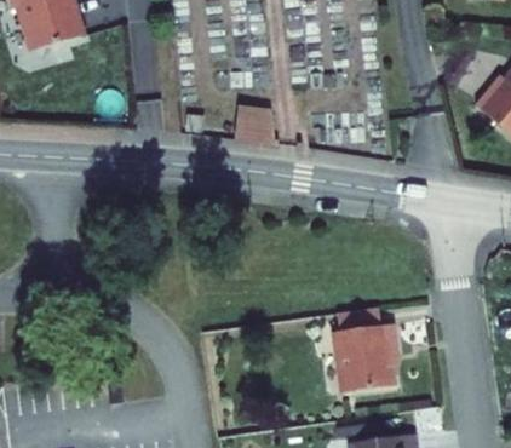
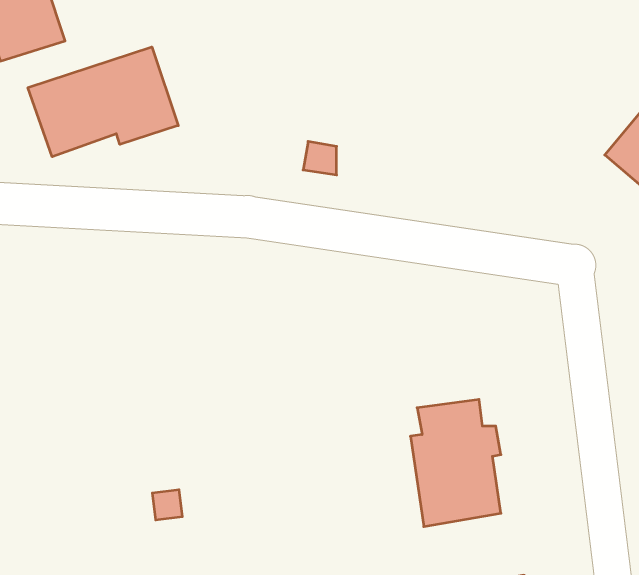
building: none -> [28,47,178,157]

